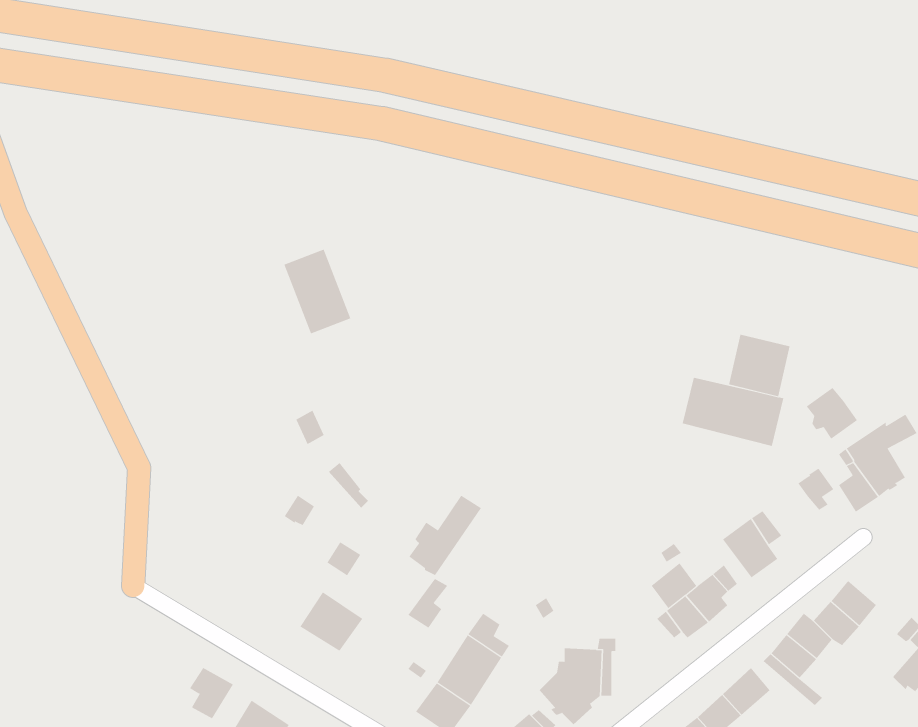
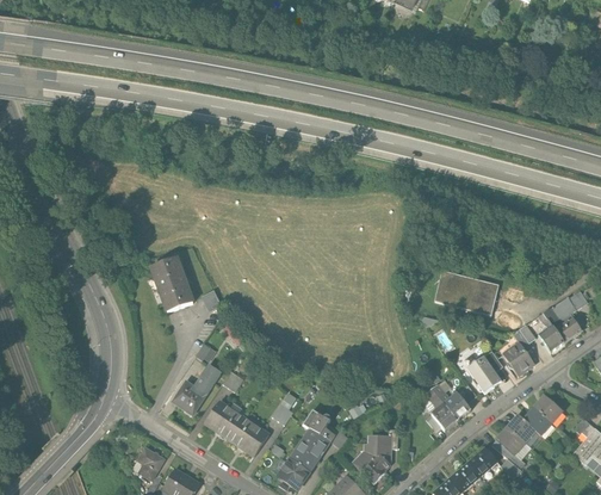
building: [284,249,351,334] -> [150,258,192,310]
building: [728,334,790,397] -> none
building: [806,387,858,439] -> [502,342,534,375]
building: [409,495,482,576] -> [175,364,221,414]
building: none -> [230,417,268,454]

